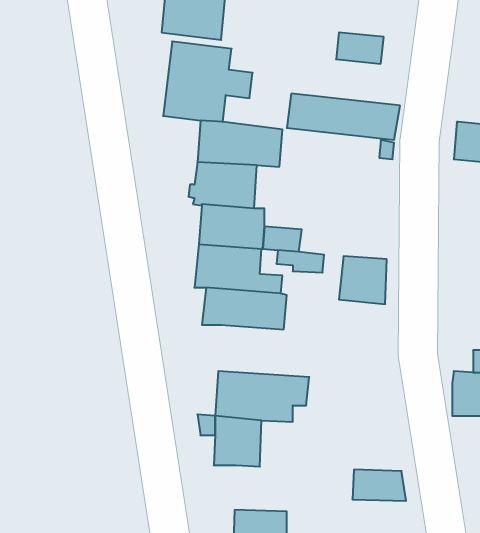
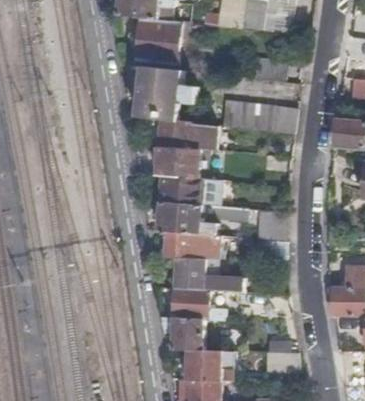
building: none -> [173,255,241,291]
building: none -> [184,349,231,380]

